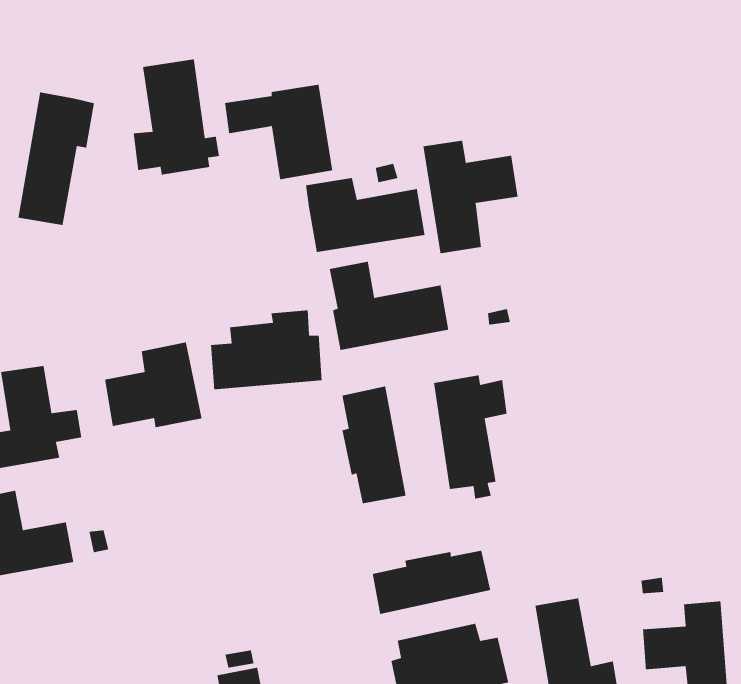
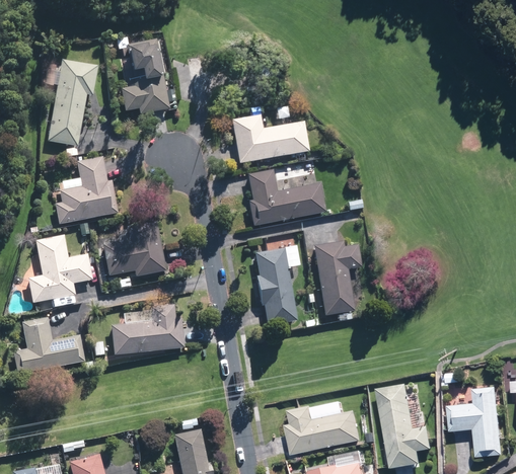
building: [224,84,333,180] -> none
building: [422,140,519,254] -> none
building: none -> [55,157,126,224]
building: [210,310,323,390] -> [110,303,182,354]
building: [372,550,491,615] -> none

